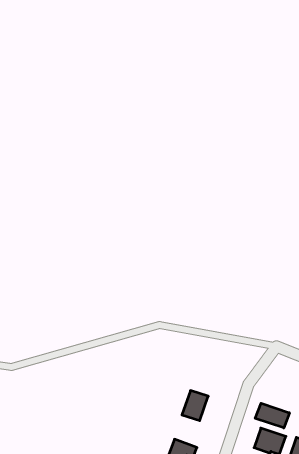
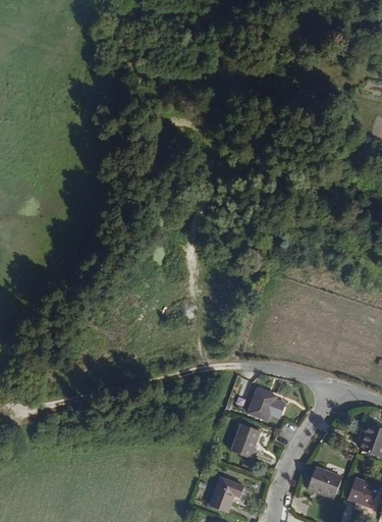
building: none -> [248,390,276,423]
building: [255,403,289,428] -> none

